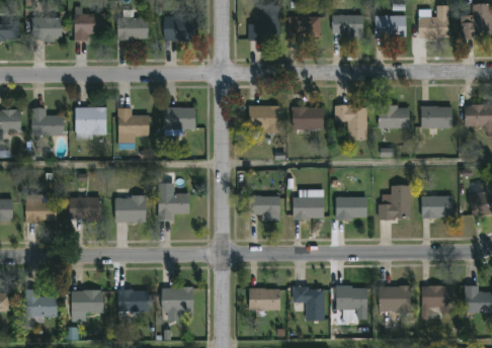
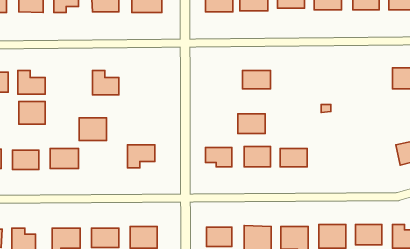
building: [249,105,279,133] -> none
building: [335,105,367,140] -> none
building: [421,105,452,127] -> none
building: [379,106,409,127] -> none
building: [76,107,106,134] -> [19,101,45,124]
building: [164,107,195,133] -> none
building: none -> [238,114,265,134]
building: [380,185,410,219] -> none
building: [115,195,147,222] -> [79,118,106,140]
building: [422,195,453,218] -> none

